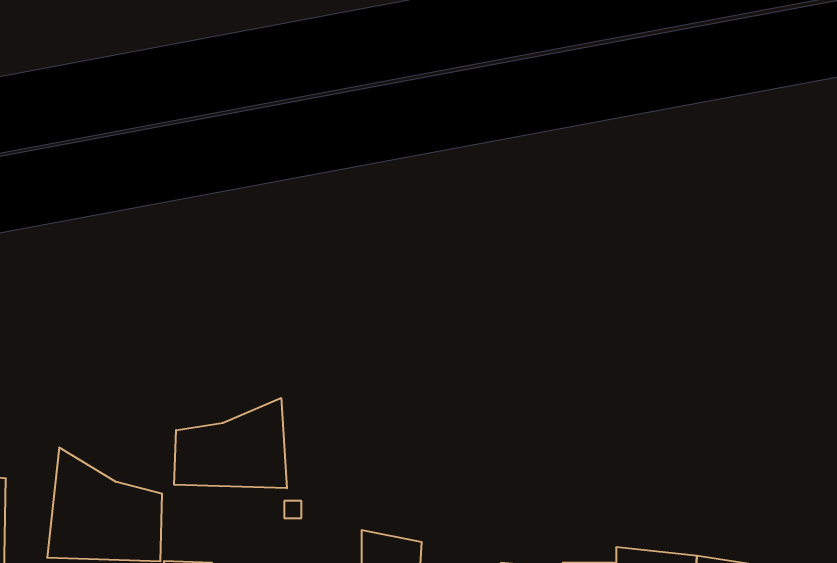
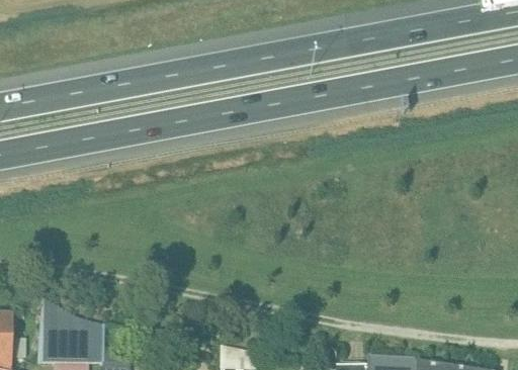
building: [174,398,287,488] -> none

